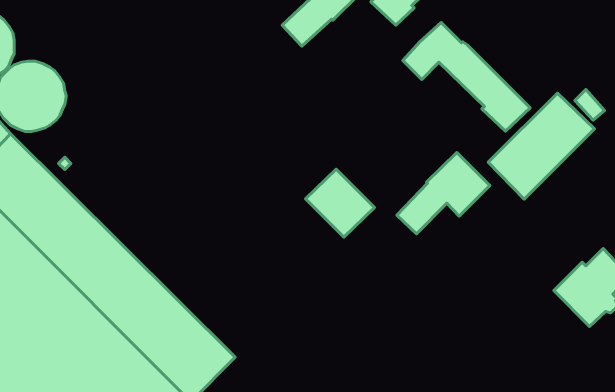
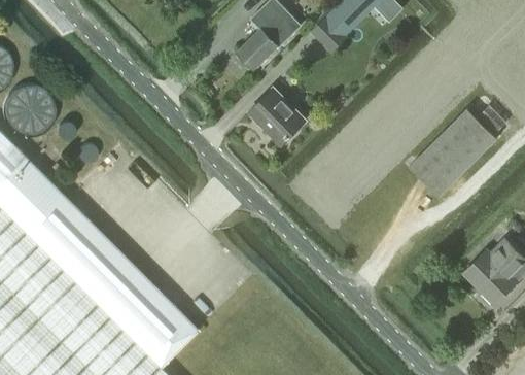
building: [403,22,530,131] -> none
building: [397,153,490,234] -> none
building: [305,169,375,237] -> [248,88,306,144]

